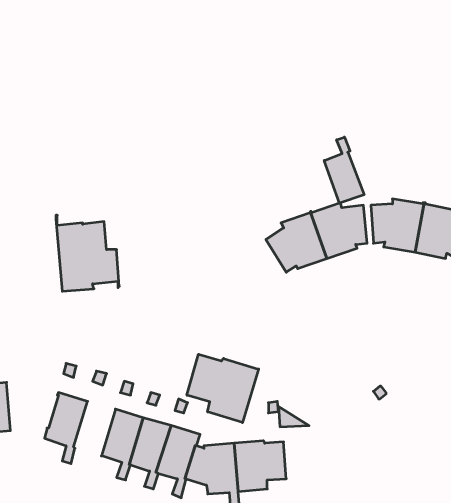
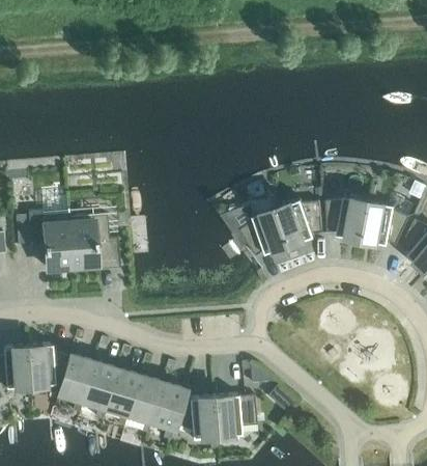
building: [324,137,364,203] -> none
building: none -> [27,212,72,272]
building: [187,354,259,423] -> none
building: none -> [26,345,68,386]
building: none -> [81,362,115,420]

